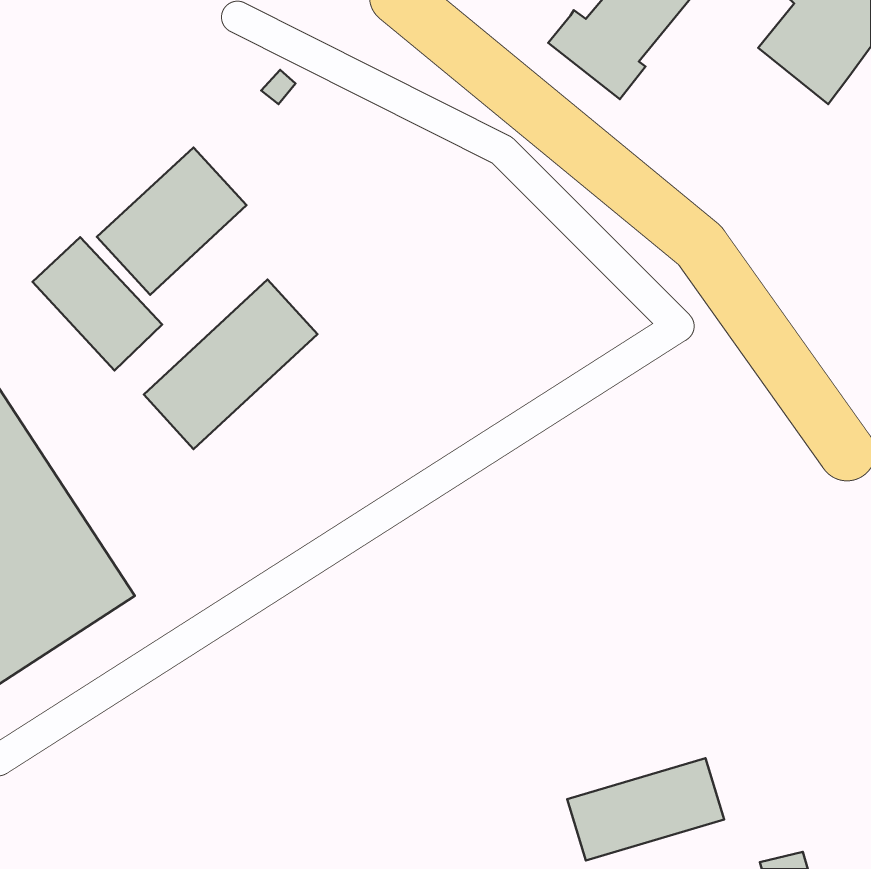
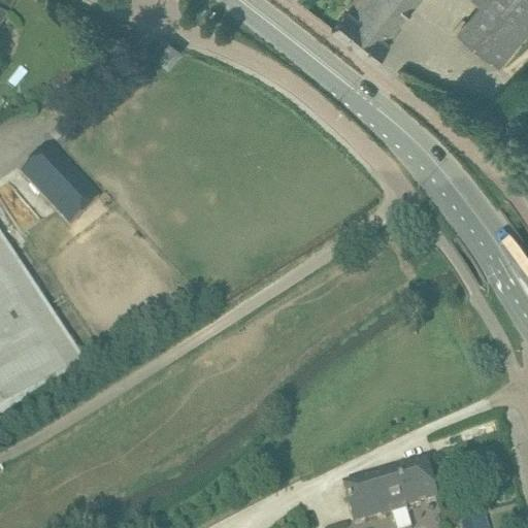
building: [97,147,247,295] -> none
building: [144,280,317,449] -> none

